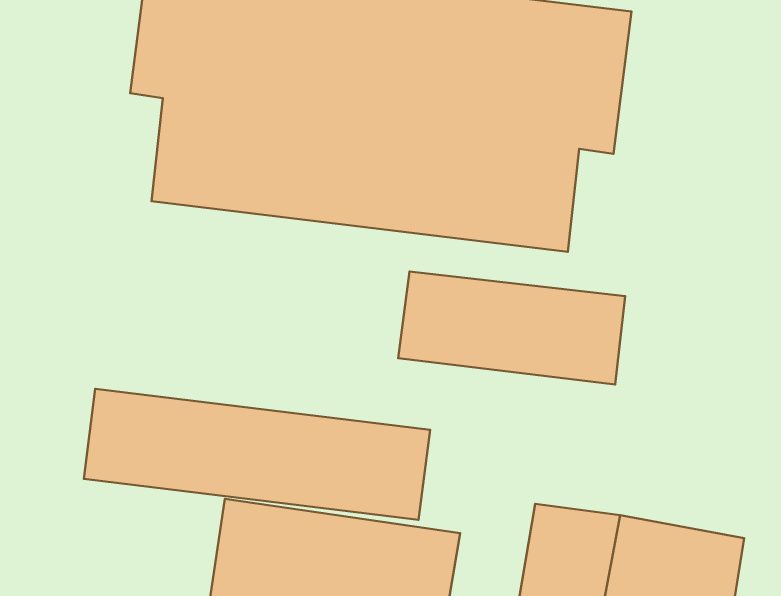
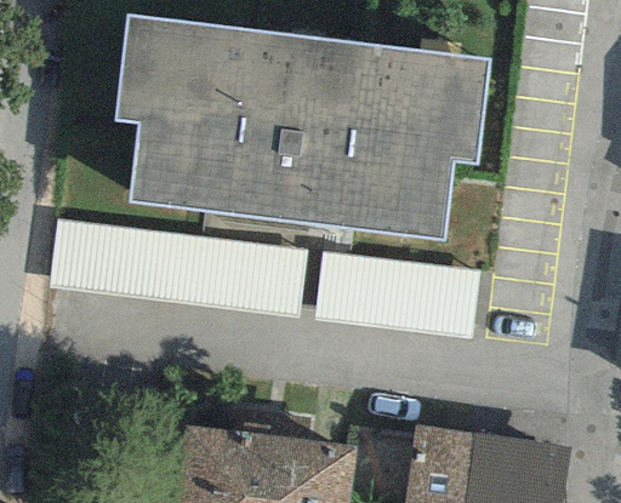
building: [84,389,430,520] -> [50,221,307,318]

